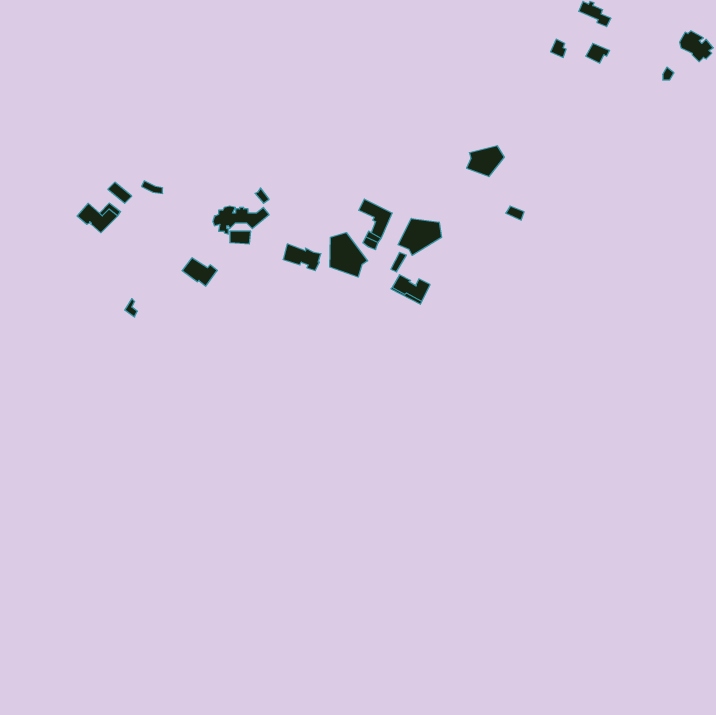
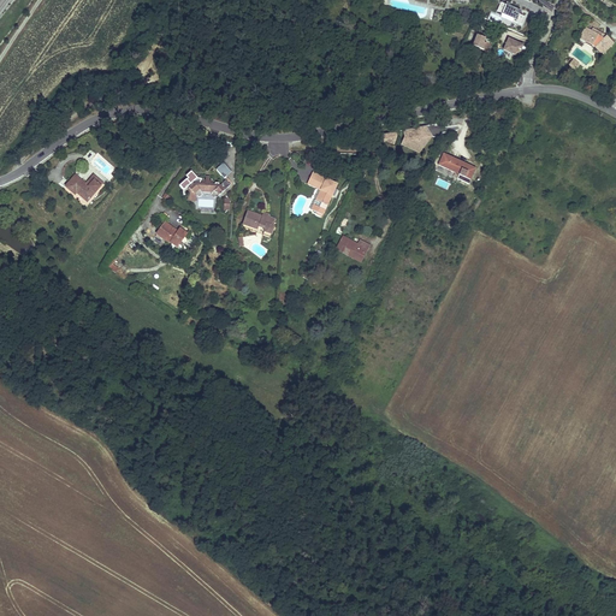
building: none -> [438,152,476,183]
building: [398,218,441,255] -> none
building: [330,233,368,277] -> none

